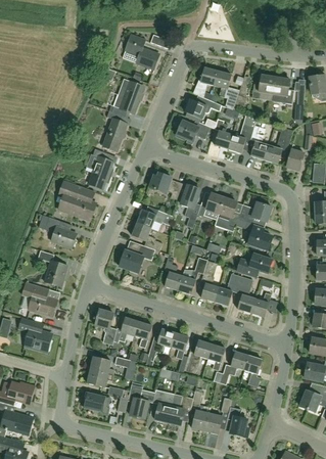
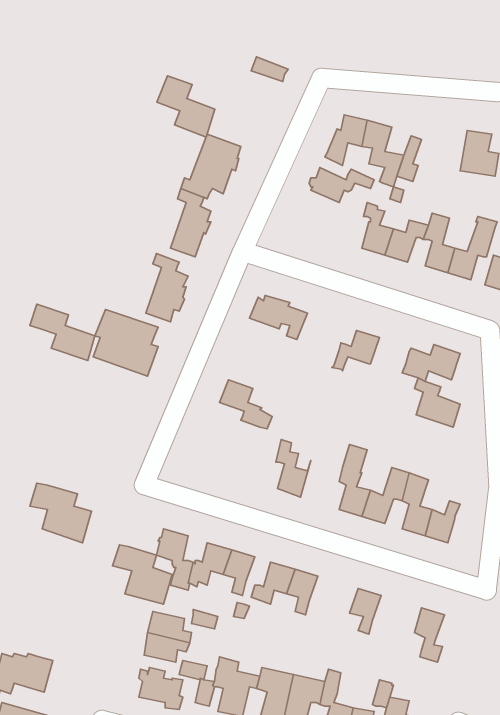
building: [125,34,158,70] -> [157,76,215,137]
building: [251,75,275,100] -> none
building: [176,120,209,141] -> none
building: [180,184,199,228] -> none
building: [214,197,239,231] -> none
building: [136,209,172,227] -> none
building: [38,215,76,247] -> [30,304,95,360]
building: [119,244,154,272] -> none
building: [37,250,66,286] -> none
building: [236,253,272,276] -> none
building: [178,257,206,294] -> none
building: [16,317,51,352] -> [112,545,172,604]
building: [184,339,212,372] -> none
building: [219,351,248,384] -> none

